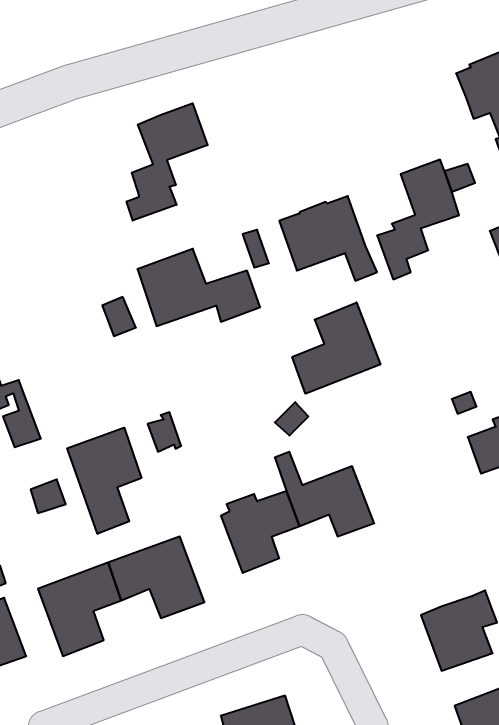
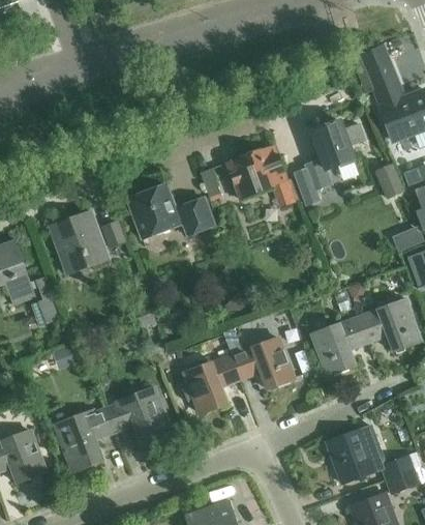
building: [127,103,208,221] -> none
building: none -> [50,210,108,272]
building: [292,302,380,394] -> none
building: [67,428,141,534] -> none
building: none -> [313,317,369,375]

